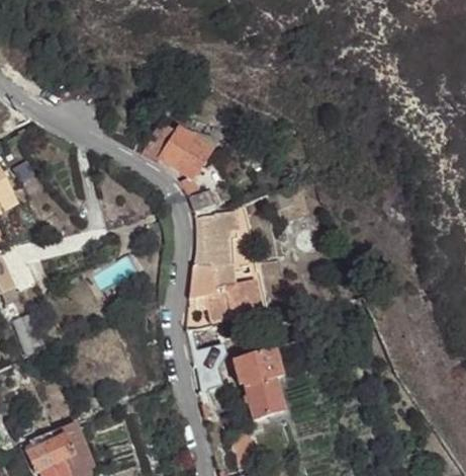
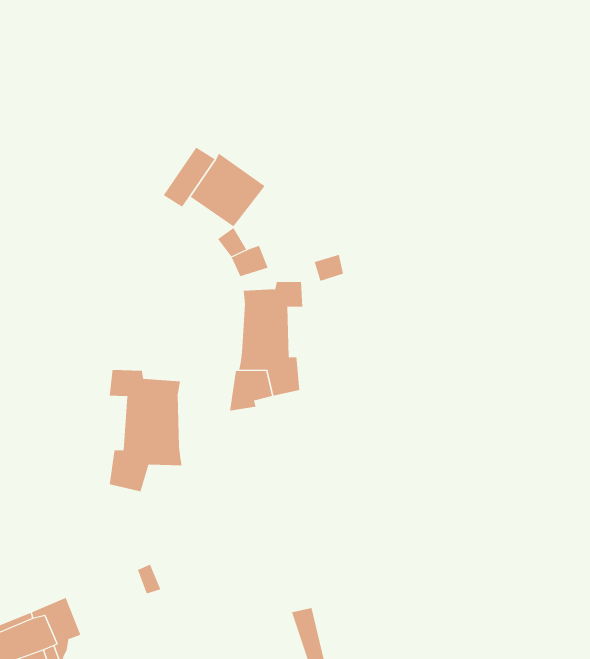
building: none -> [109,369,182,492]
building: [204,282,256,319] -> none
building: [237,355,286,421] -> none

